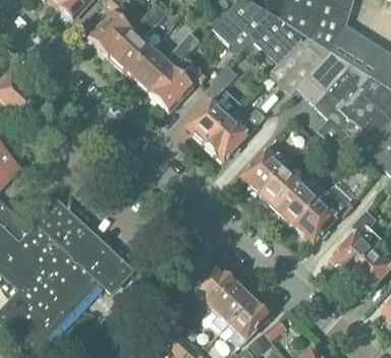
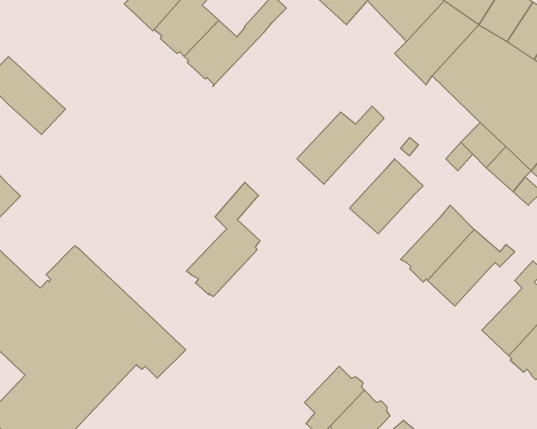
building: [149,56,203,110] -> none
building: [187,64,237,141] -> [186,182,260,296]
building: [260,166,302,210] -> none
building: [192,266,234,306] -> none

